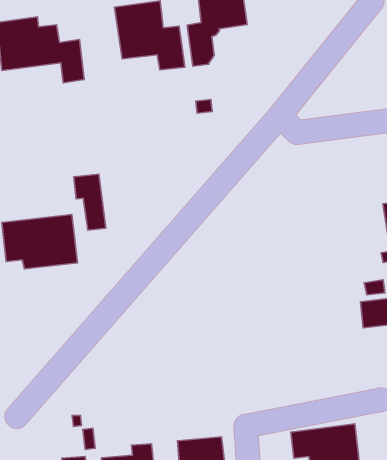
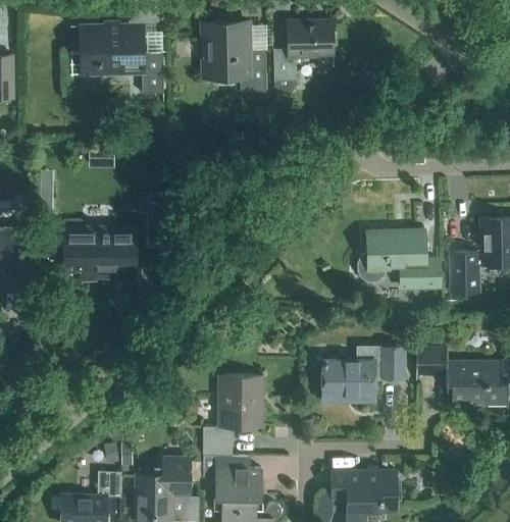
building: none -> [358,230,440,288]
building: none -> [323,347,404,401]
building: none -> [203,375,262,456]

